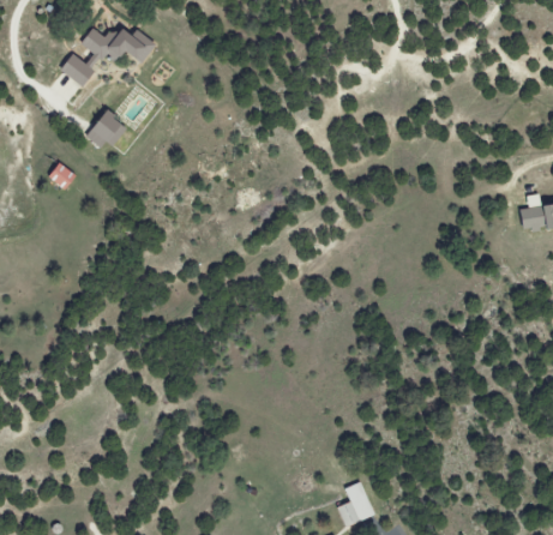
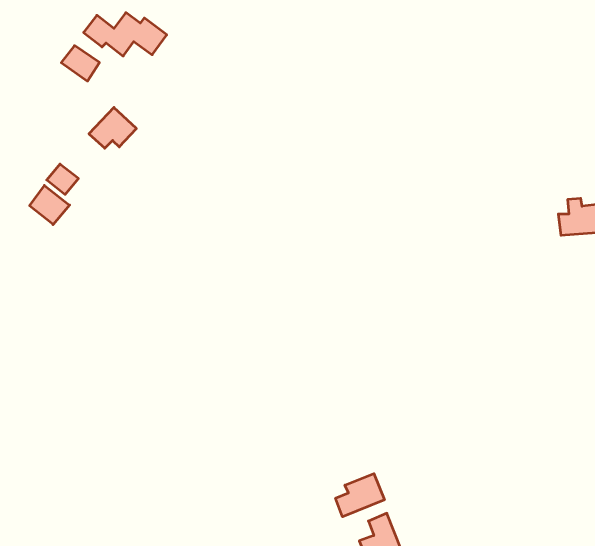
building: none -> [30,185,70,225]
building: none -> [336,474,384,517]

